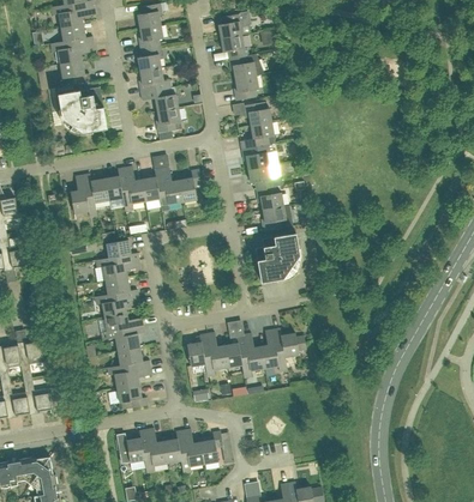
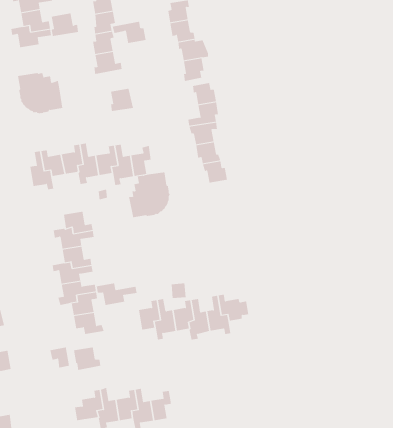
building: [60,60,90,85] -> [51,13,79,36]
building: [140,86,178,110] -> [112,21,146,43]
building: [262,204,293,230] -> none
building: [257,232,302,282] -> [128,172,171,218]
building: [108,363,152,387] -> [96,283,137,305]

